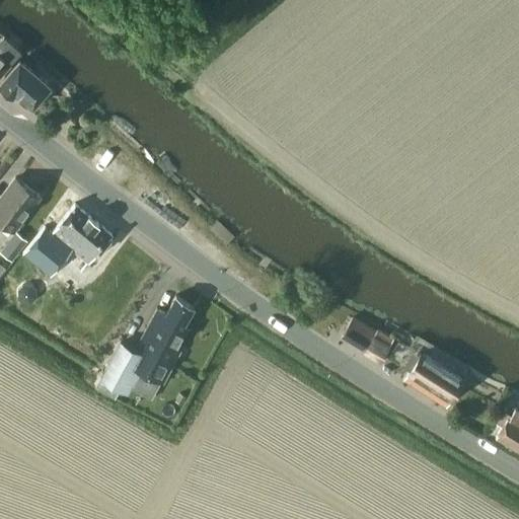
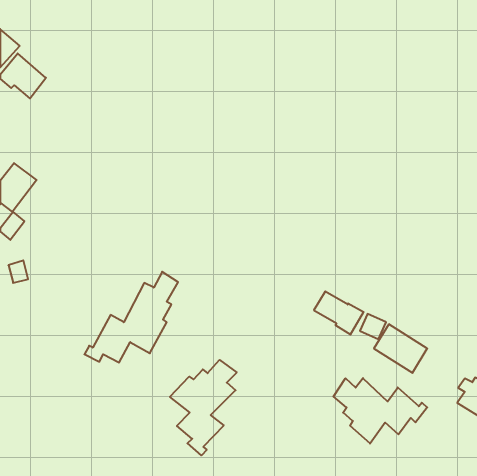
building: [26,205,114,277] -> none
building: none -> [170,360,237,455]
building: none -> [333,378,427,444]

